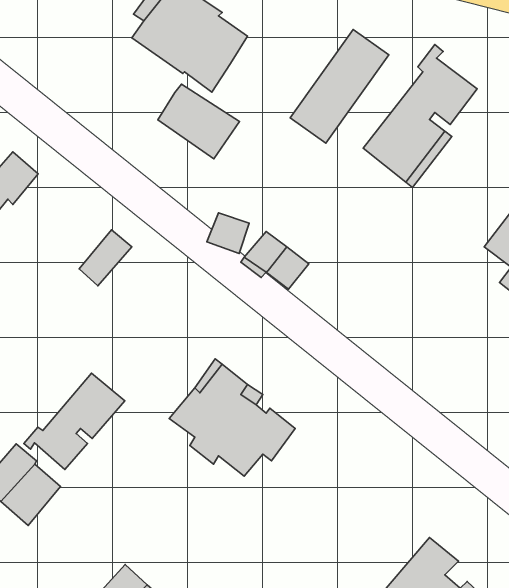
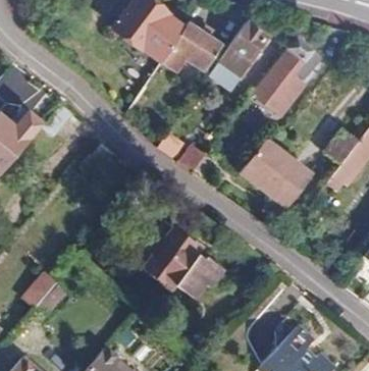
building: [158,84,239,159] -> [172,22,221,67]
building: none -> [241,137,314,205]
building: [24,373,125,470] -> none

